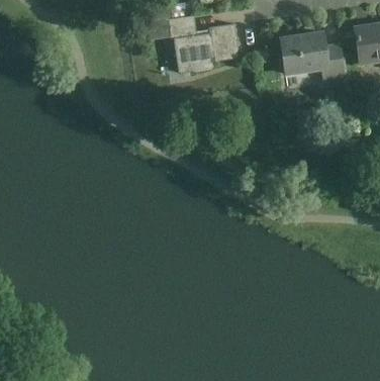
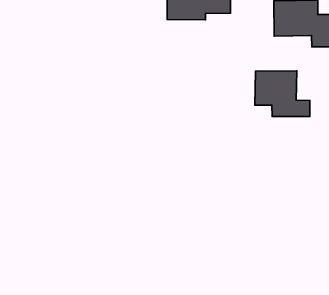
building: none -> [255,71,310,117]

